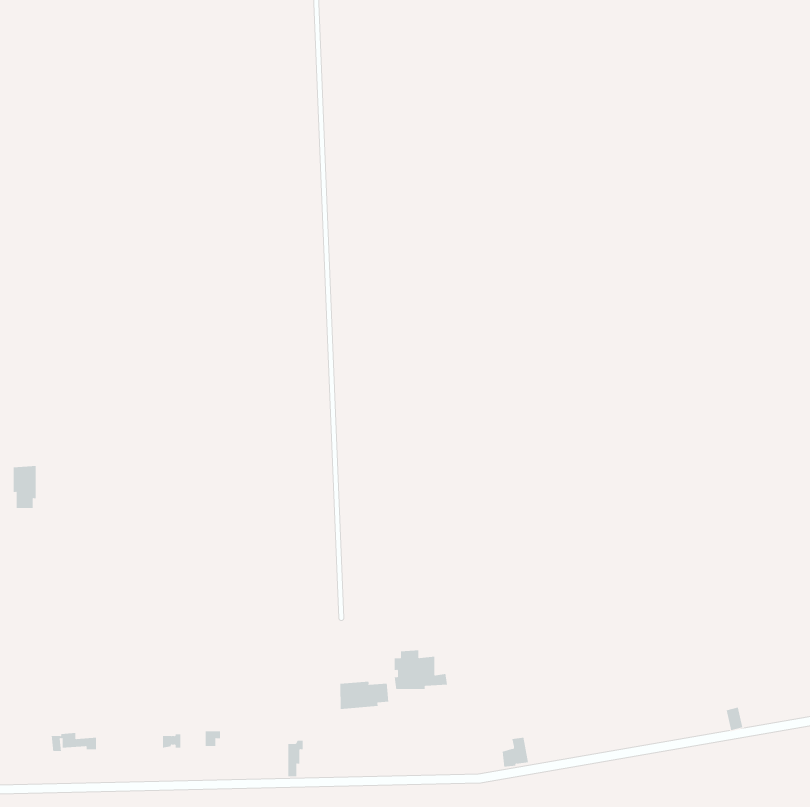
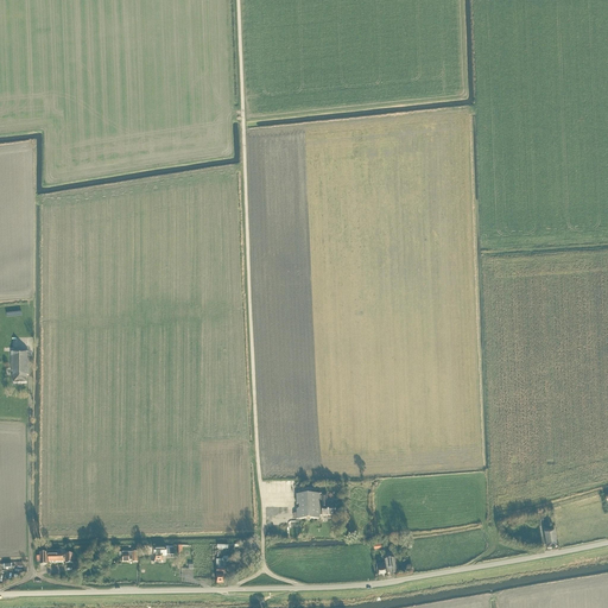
building: [340,681,389,710] -> none

